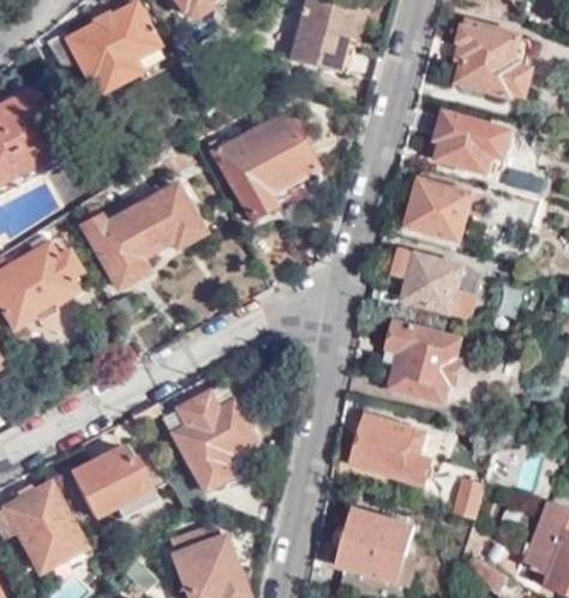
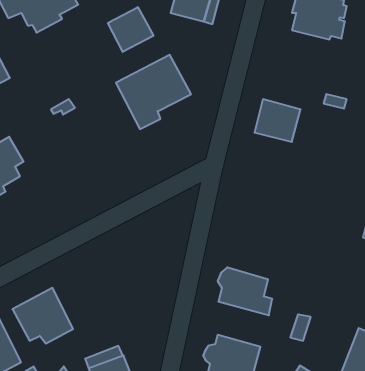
building: none -> [108,7,153,52]
building: [435,112,510,172] -> none
building: [80,185,203,288] -> none
building: [394,249,469,315] -> none
building: [384,321,461,399] -> none
building: [167,391,247,489] -> none

